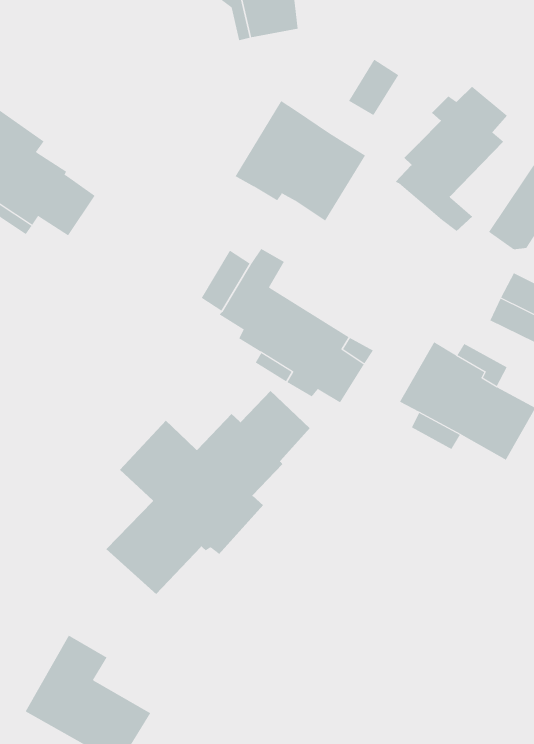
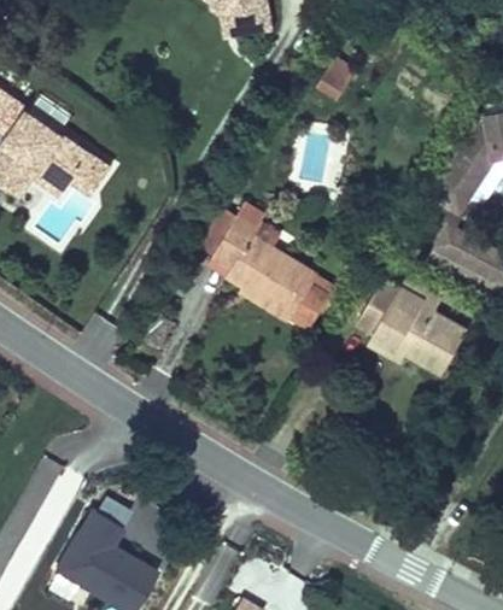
building: [395,86,508,232] -> none
building: [235,100,366,222] -> none
building: [106,390,311,595] -> none

